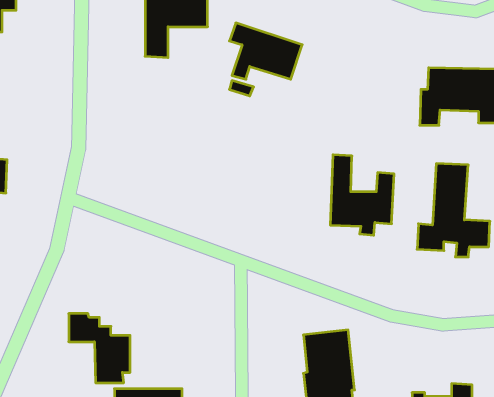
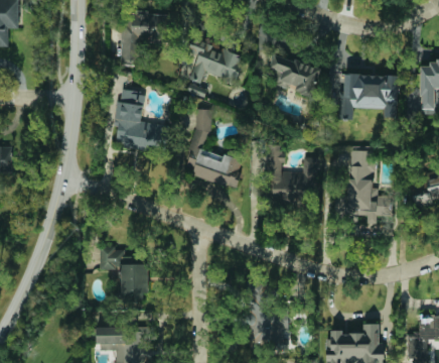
building: none -> [269,54,320,98]
building: none -> [114,91,169,153]
building: none -> [187,108,243,189]
building: [69,314,130,383] -> [100,247,148,301]

